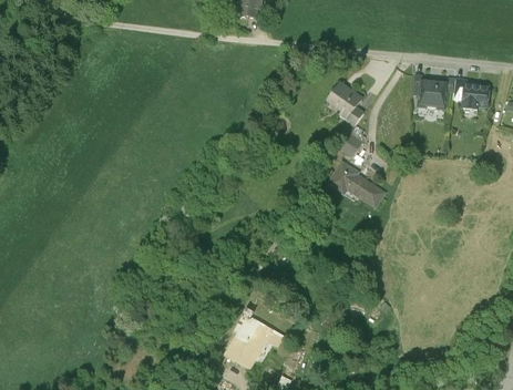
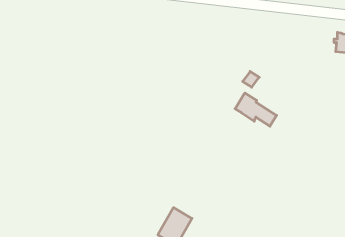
building: [419,80,448,109] -> none
building: [329,82,362,120] -> none

